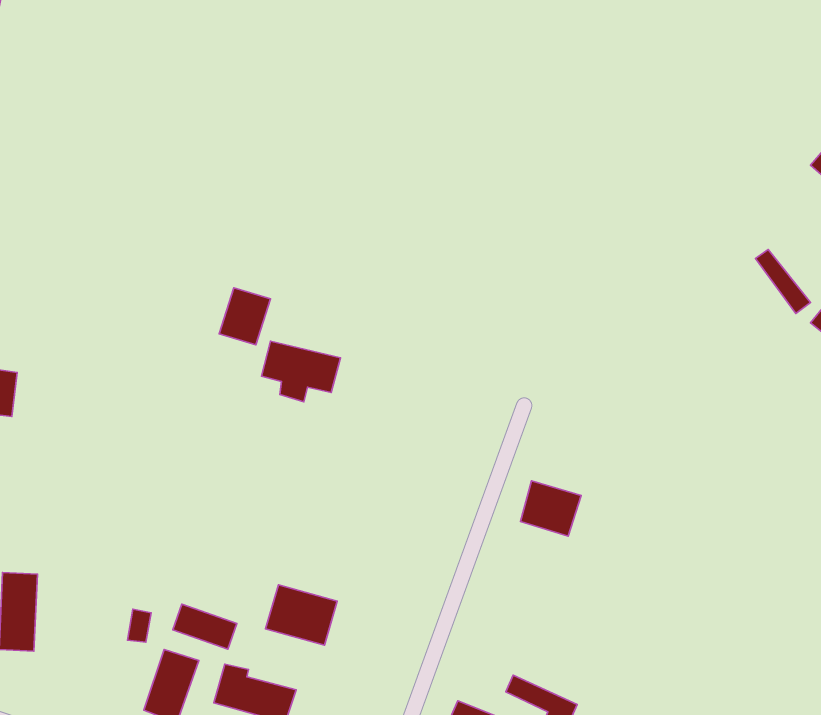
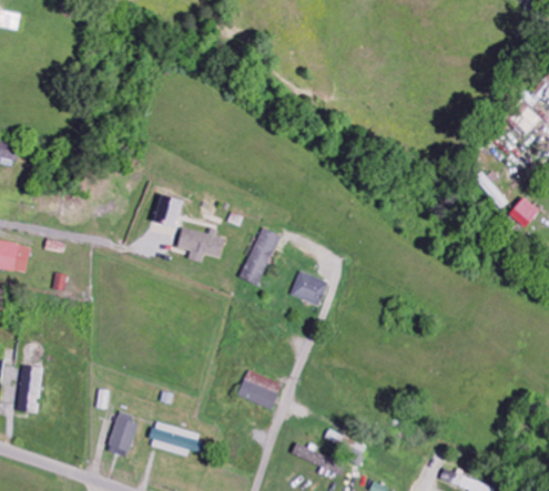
building: none -> [241,227,281,286]
building: [521,481,581,536] -> [292,272,328,305]
building: [266,585,337,645] -> [238,370,282,407]
building: [173,604,237,649] -> none

